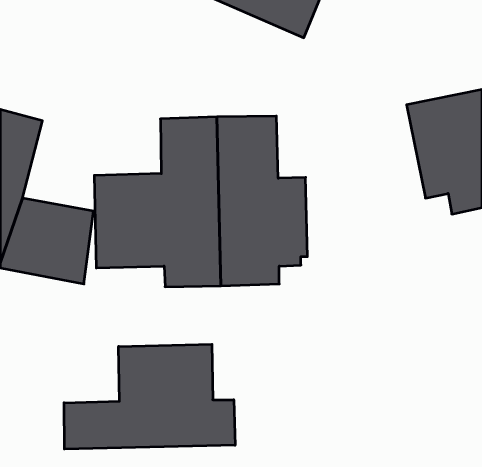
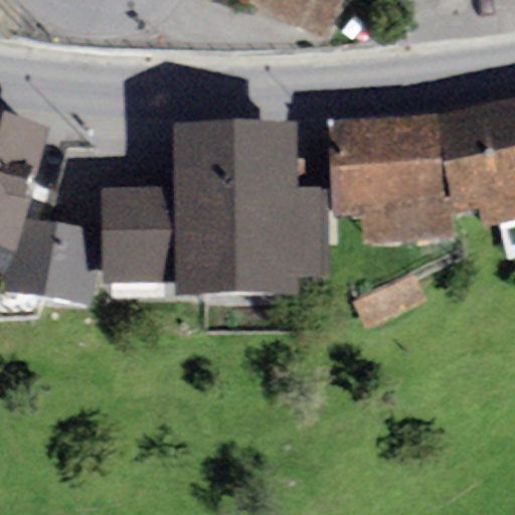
building: none -> [326,112,455,240]
building: [64,344,235,449] -> none

